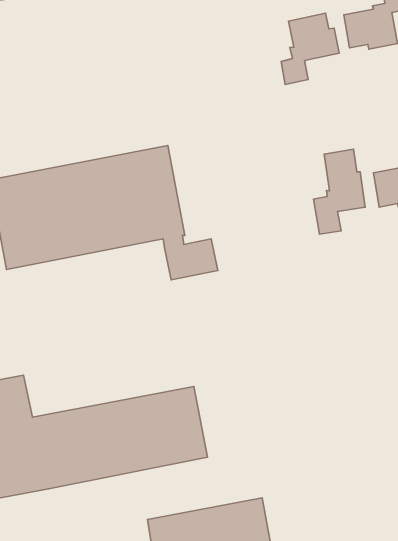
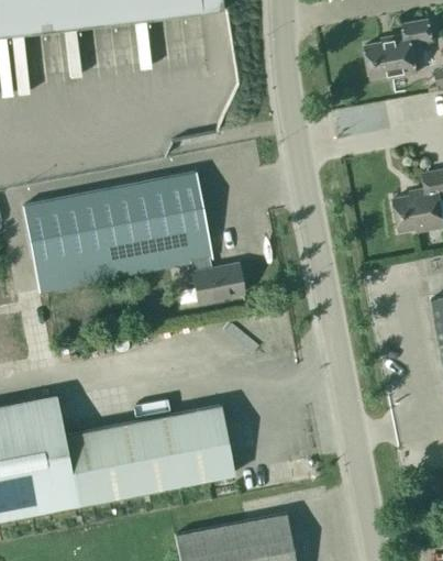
building: [281,13,339,85] -> none
building: [313,149,365,234] -> none

